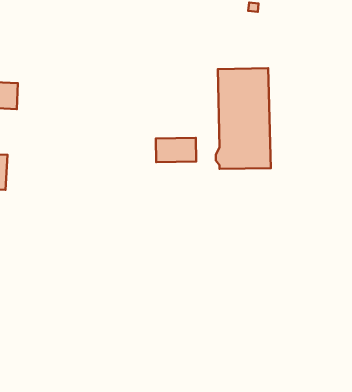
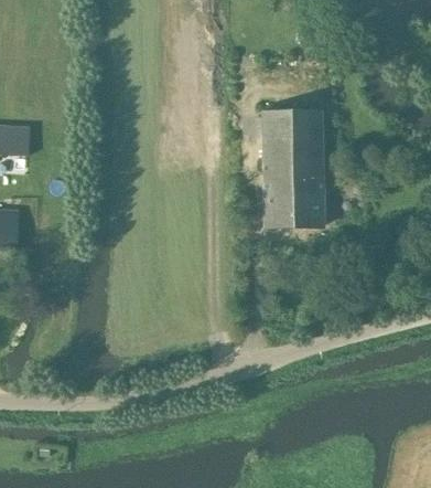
building: [156,138,196,162] -> none

